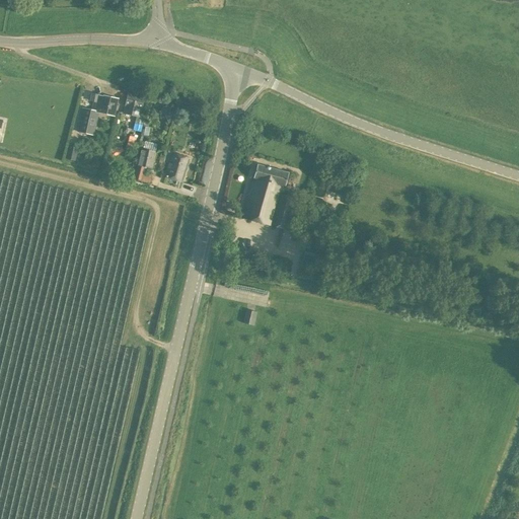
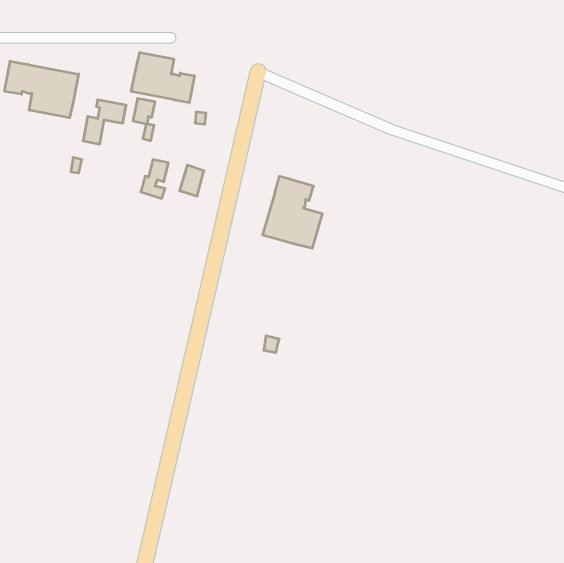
building: none -> [131,52,194,103]
building: none -> [5,61,79,118]

